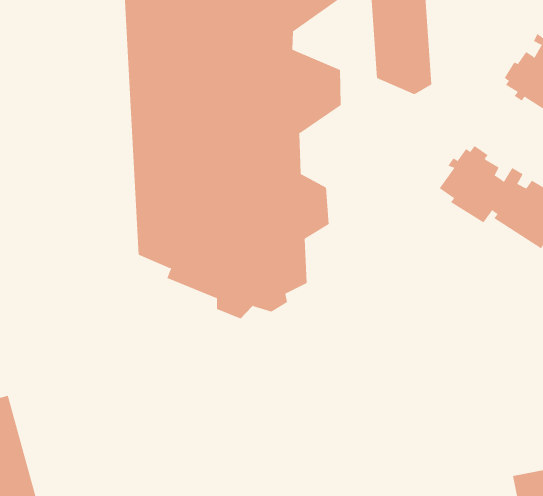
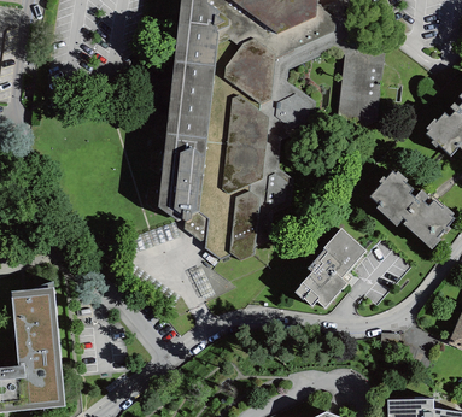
building: none -> [294,228,365,306]

